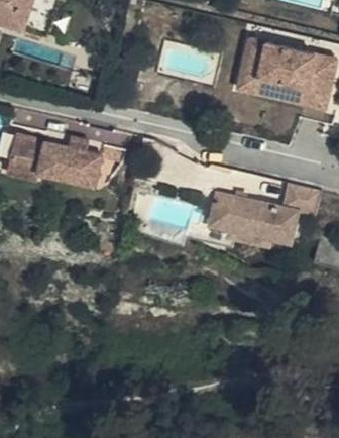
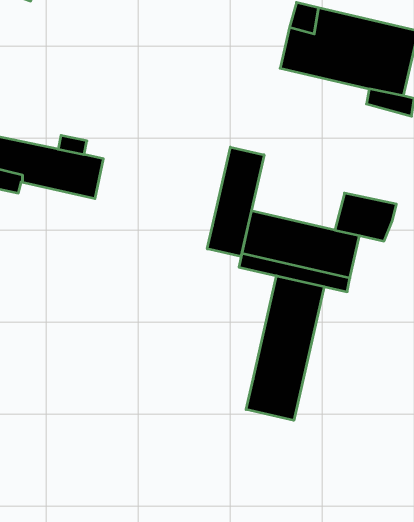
building: none -> [207,147,264,257]
building: none -> [246,276,324,420]

